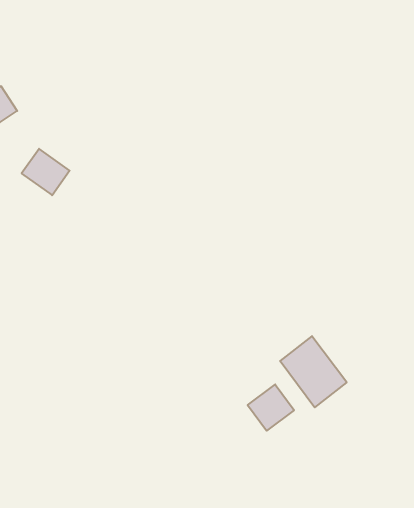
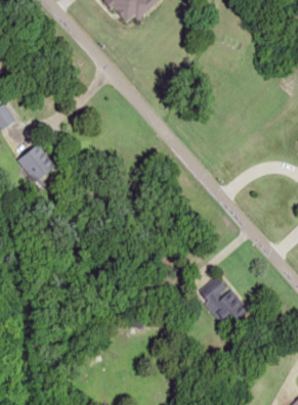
building: [248,384,294,431] -> none

